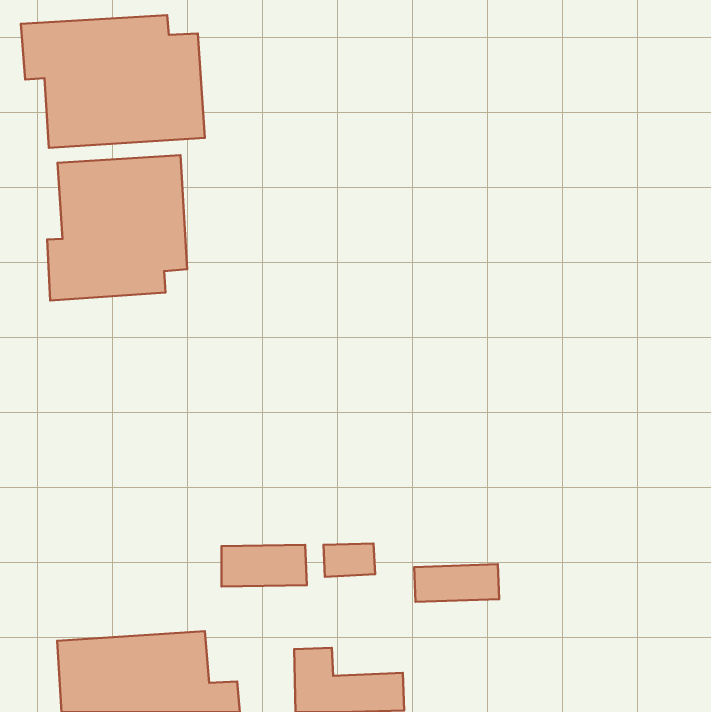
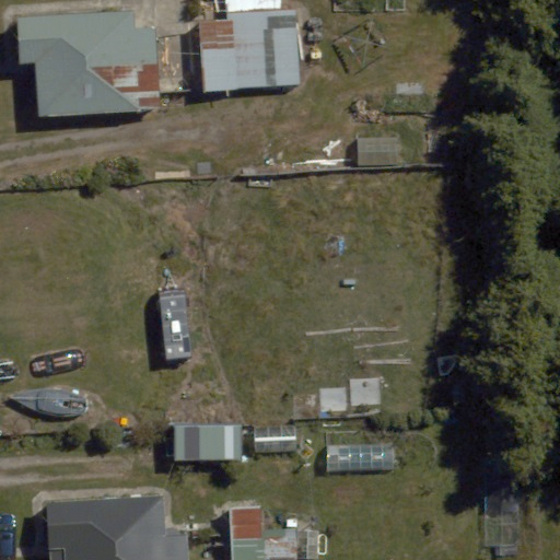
building: none -> [198,8,303,94]
building: [47,155,187,300] -> none

